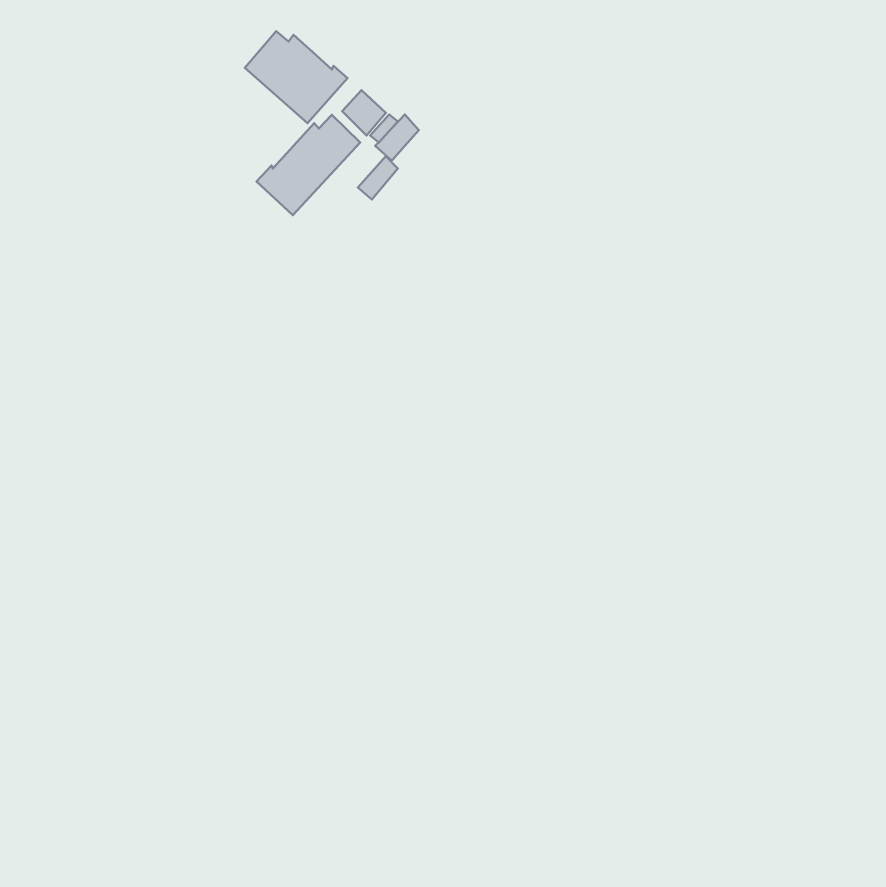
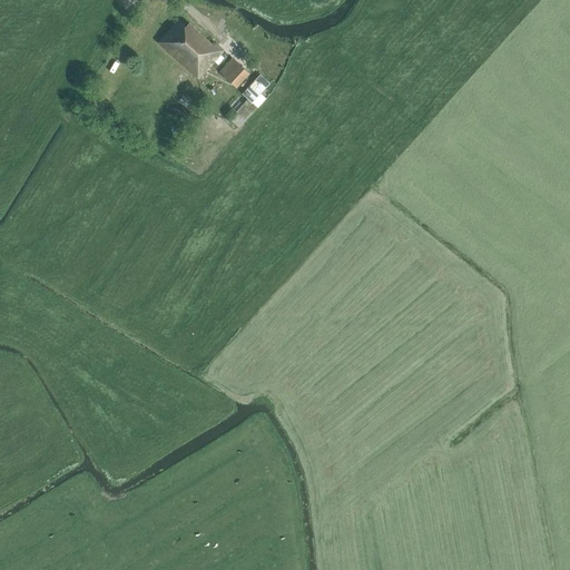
building: [256,115,360,215] -> none

